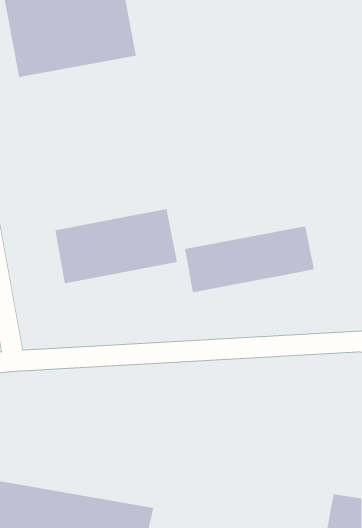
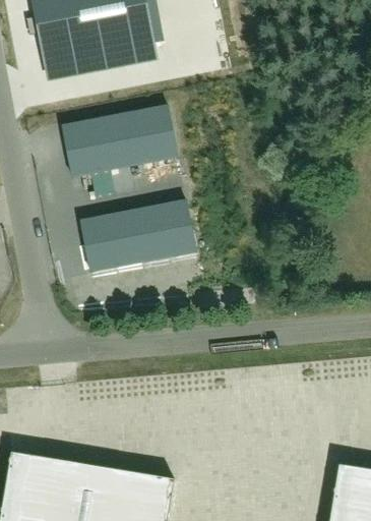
building: none -> [64,106,180,177]
building: [184,225,315,293] -> none

